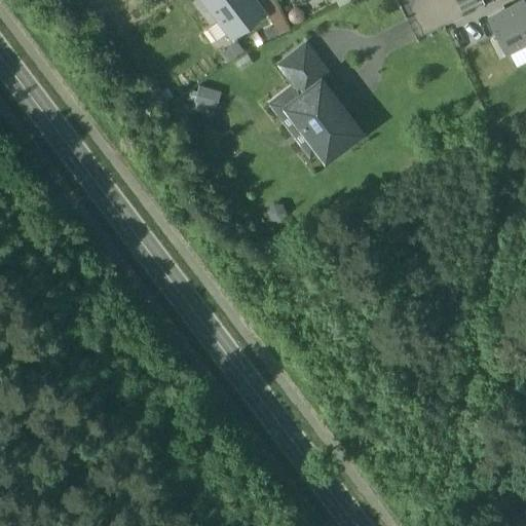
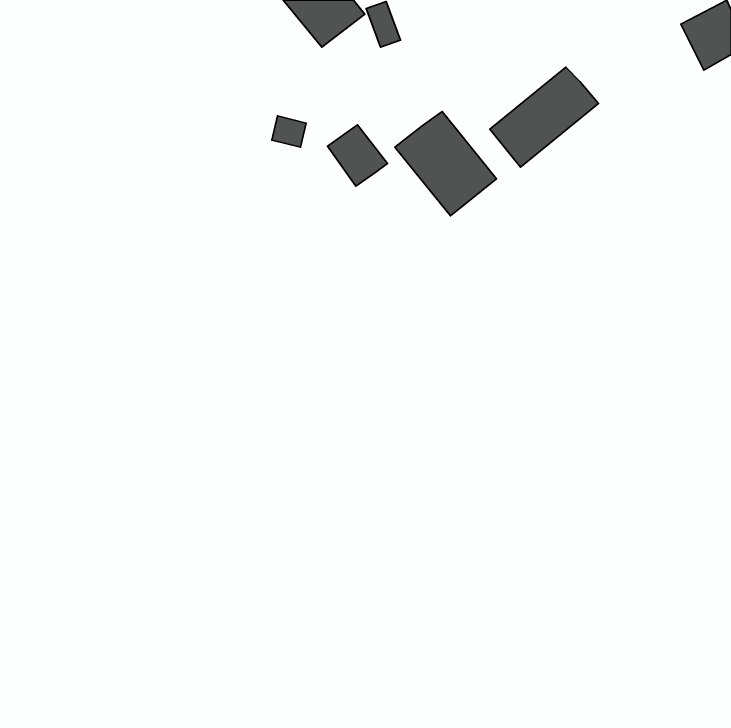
building: [283,48,326,92] -> [327,125,387,186]
building: none -> [490,67,599,167]

